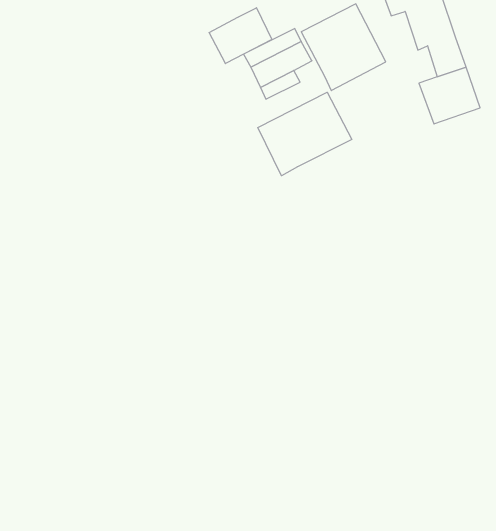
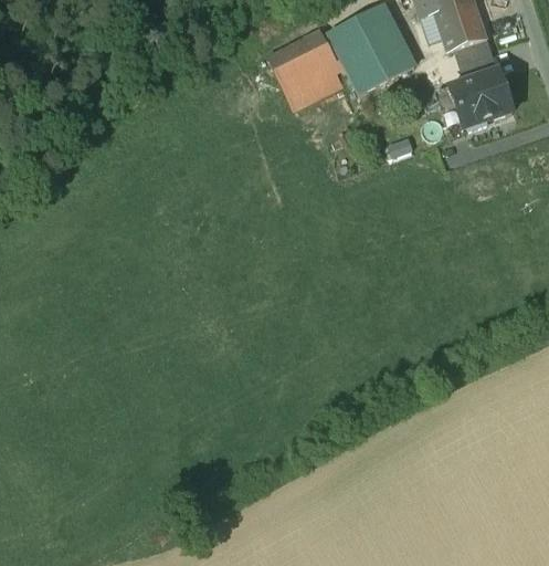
building: [209,8,272,64] -> none
building: [258,92,352,176] -> none

